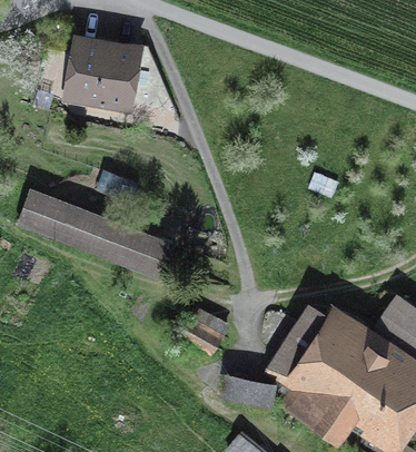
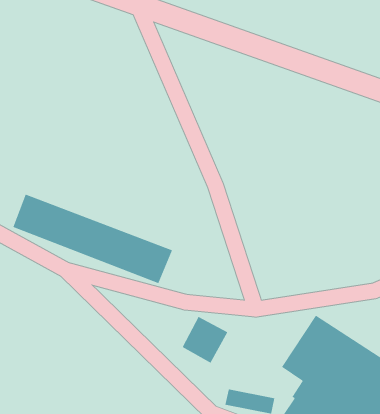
building: [71,42,136,104] -> none

